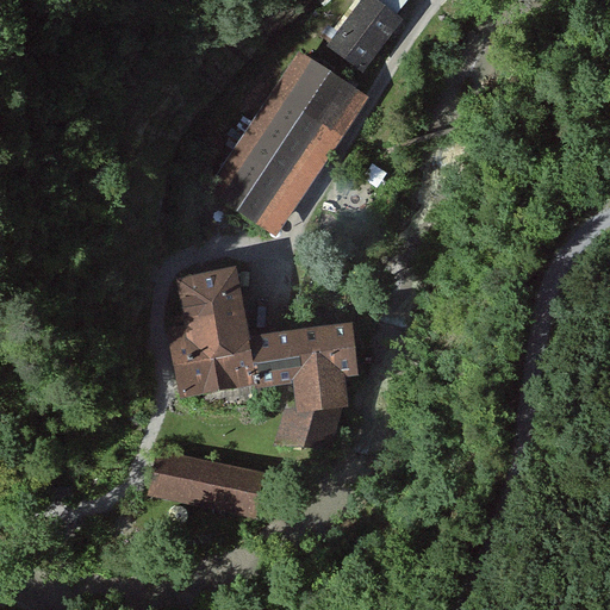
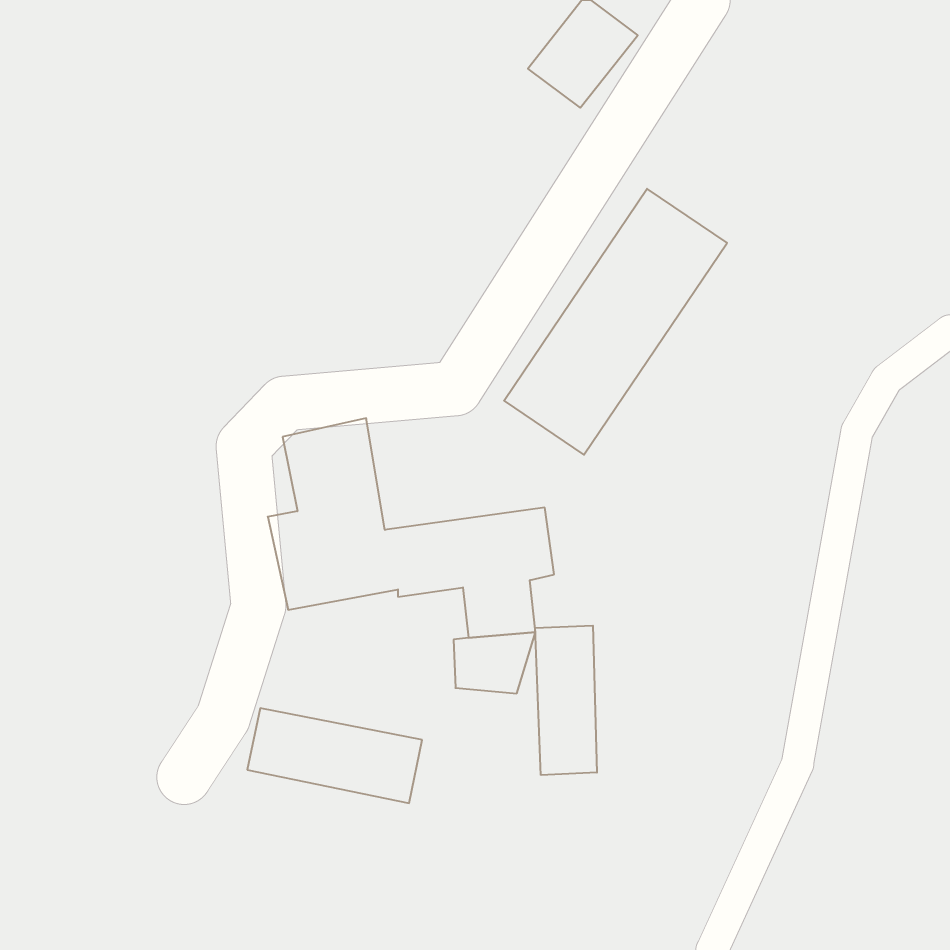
building: [213,55,356,225] -> [504,189,727,455]
building: none -> [535,626,597,775]

